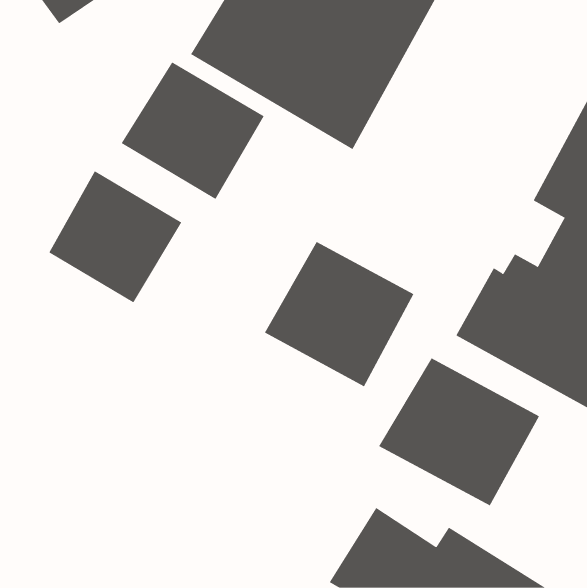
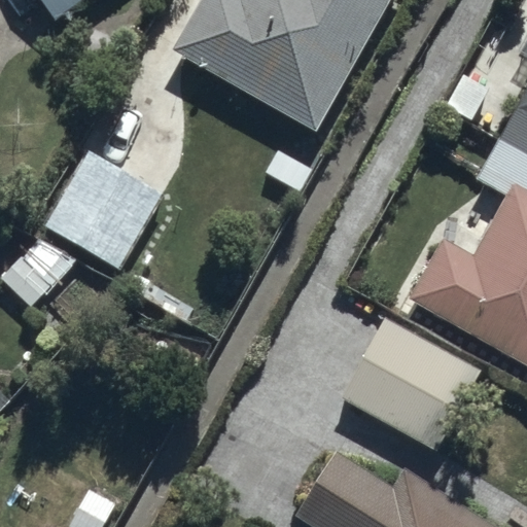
building: [121,61,265,200] -> none
building: [264,241,414,387] -> none

